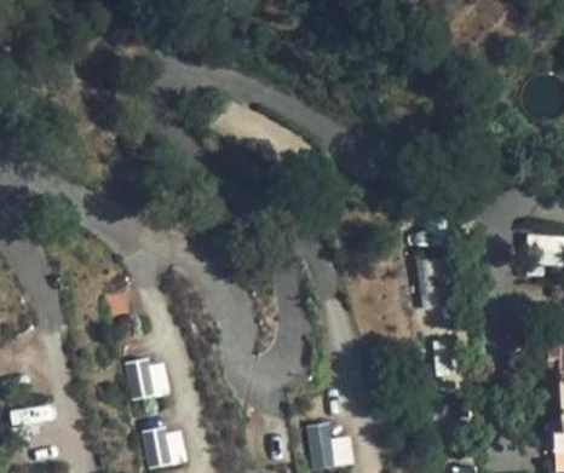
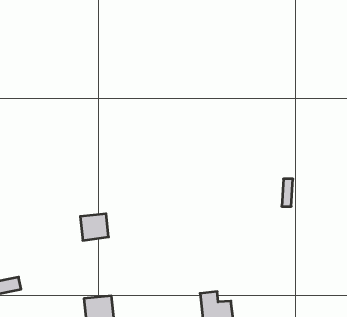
building: [130,360,169,398] -> [80,214,109,240]

